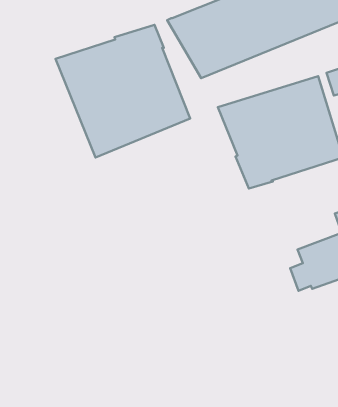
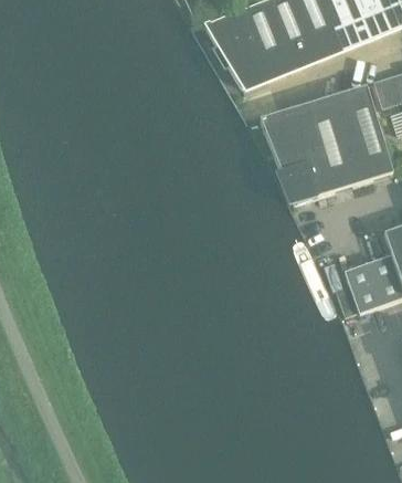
building: [55,25,190,157] -> none

